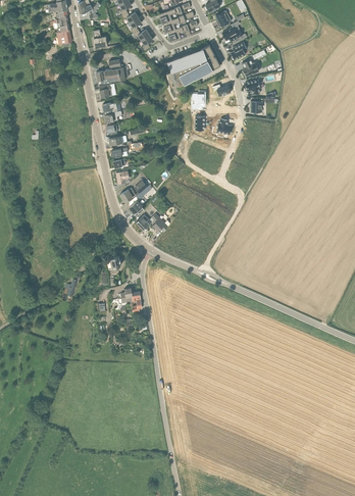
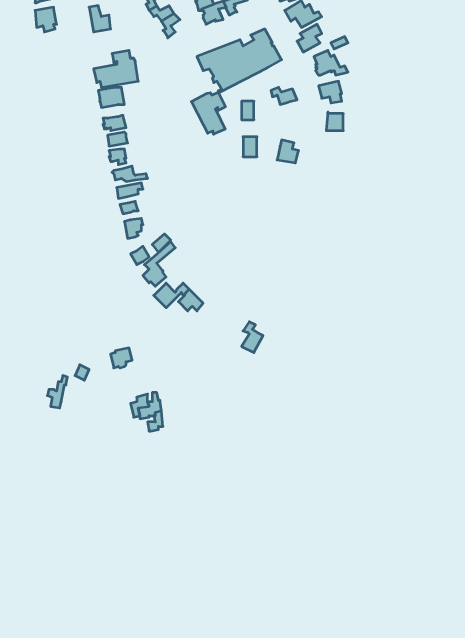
building: none -> [191,92,225,134]

